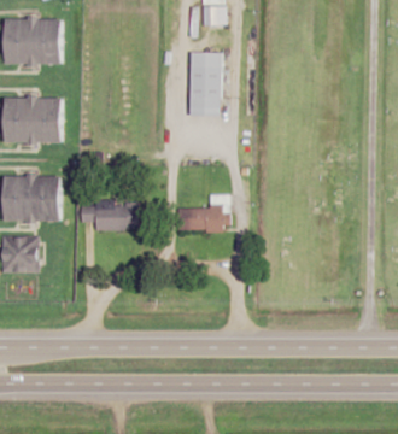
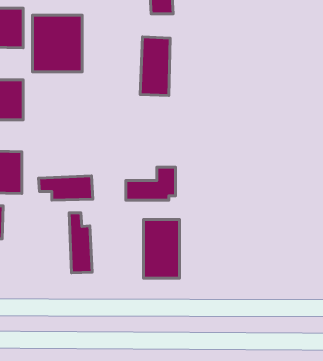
building: none -> [33,15,82,72]
building: none -> [69,213,92,273]
building: none -> [144,219,180,278]

